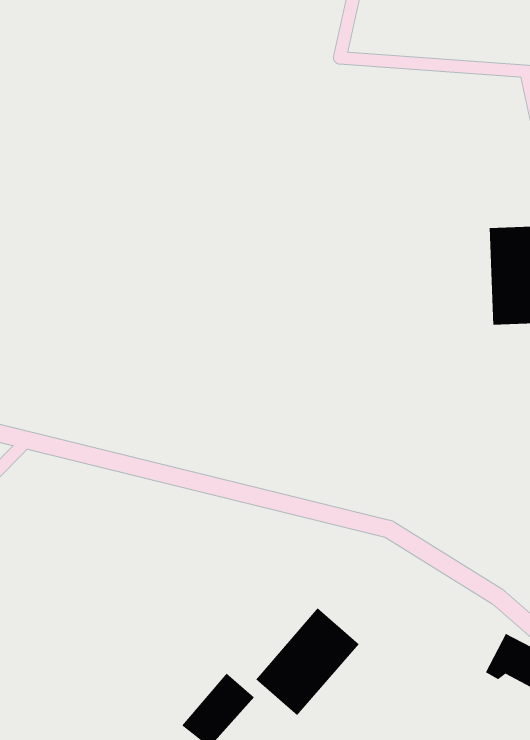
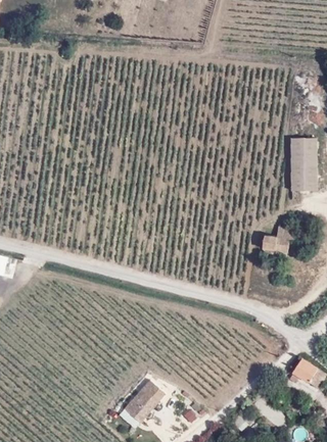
building: none -> [261,226,294,252]
building: [255,607,360,716] -> none

